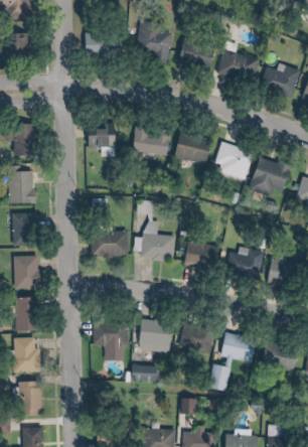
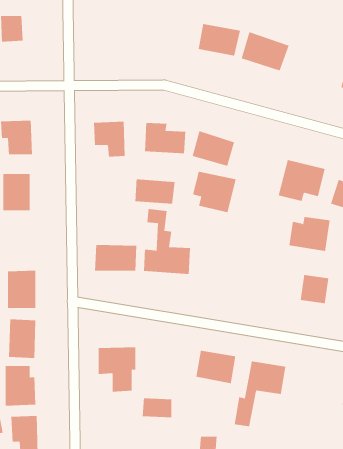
building: [137,25,172,57] -> none
building: [89,32,124,55] -> none
building: [262,62,301,95] -> none
building: [214,143,253,179] -> [192,171,236,213]
building: none -> [135,178,175,205]
building: [13,212,37,246] -> none
building: [187,243,218,267] -> none
building: [225,248,262,278] -> [289,217,330,251]
building: [139,318,174,353] -> none
building: [260,344,299,367] -> none

